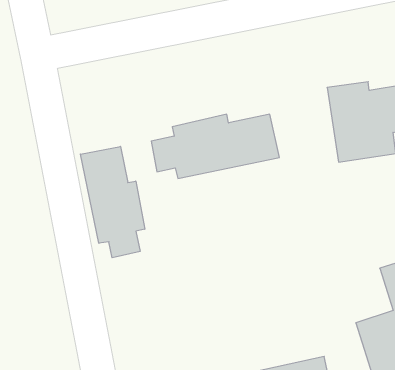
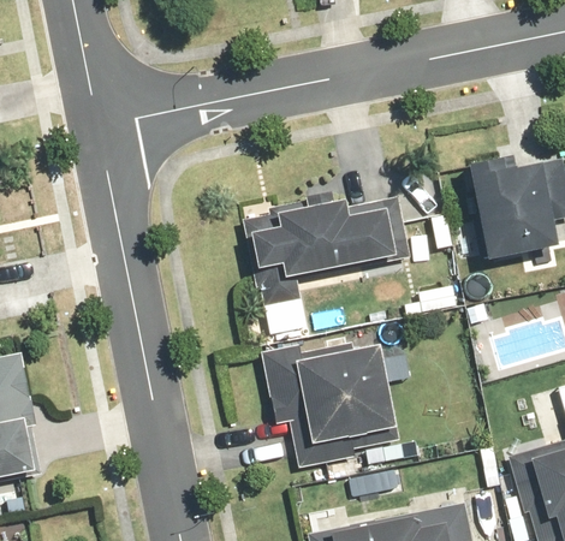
building: [80,146,145,258] -> none
building: none -> [262,343,400,469]

